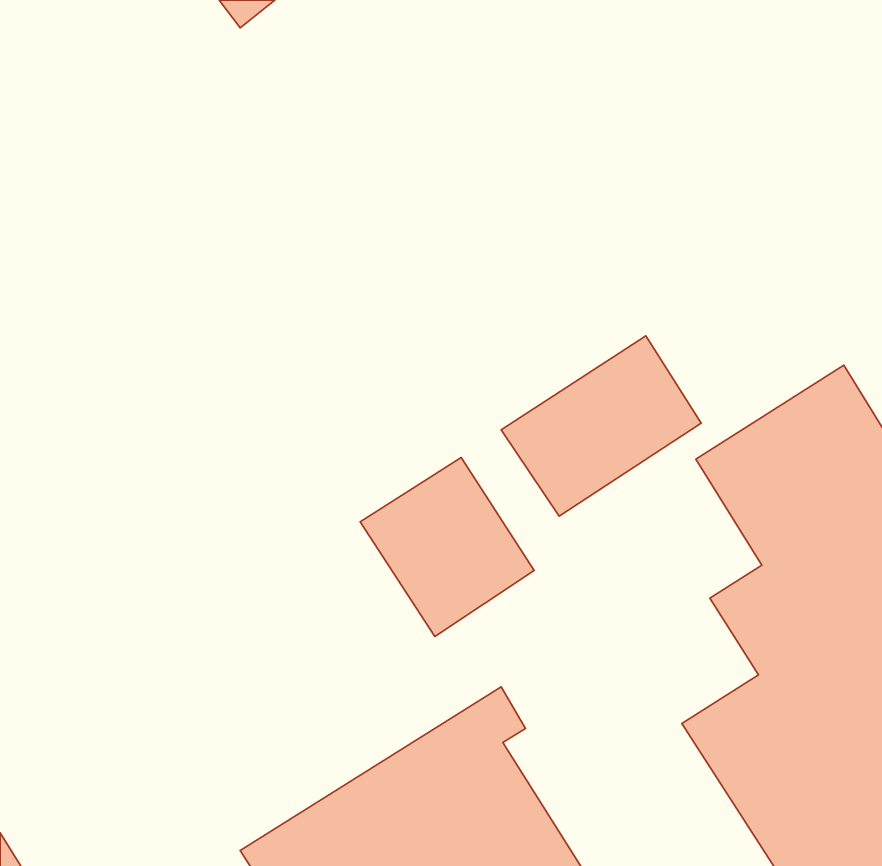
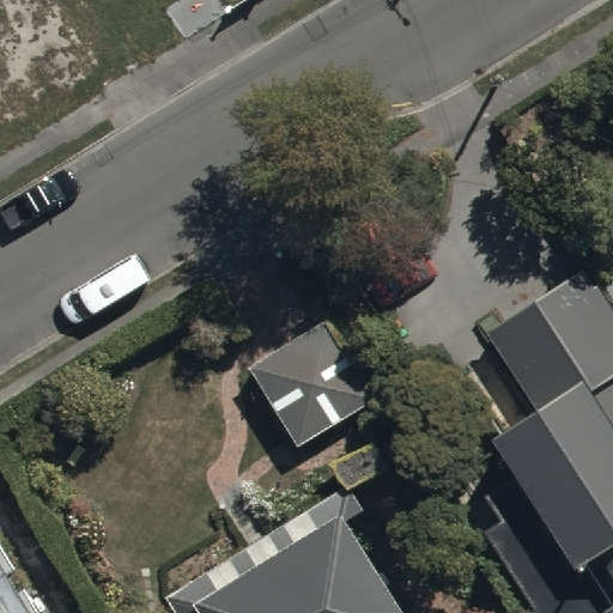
building: [501,336,701,516] -> none

